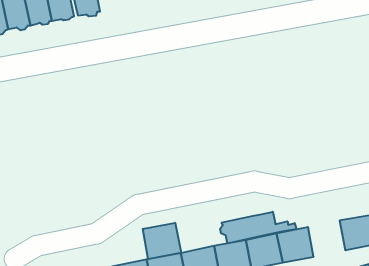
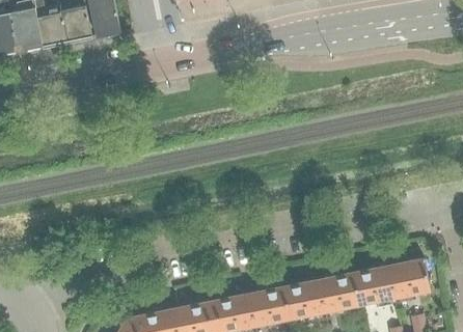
building: [220,212,297,243] -> none
building: none -> [354,265,396,305]
building: [143,223,181,259] -> none

